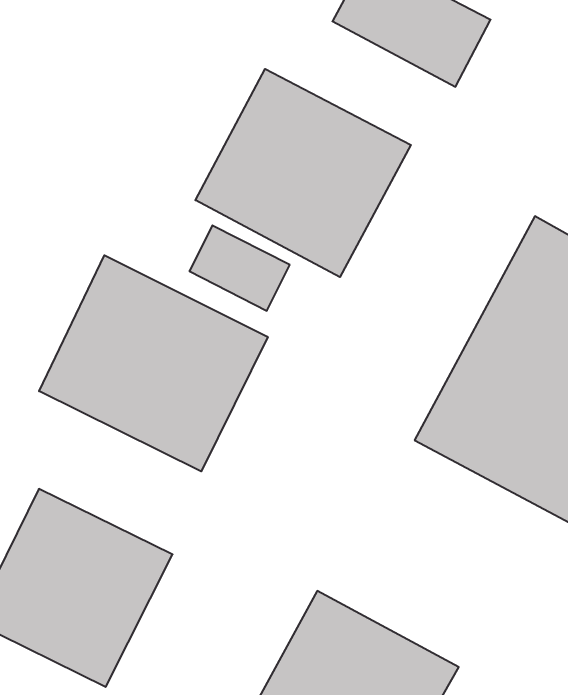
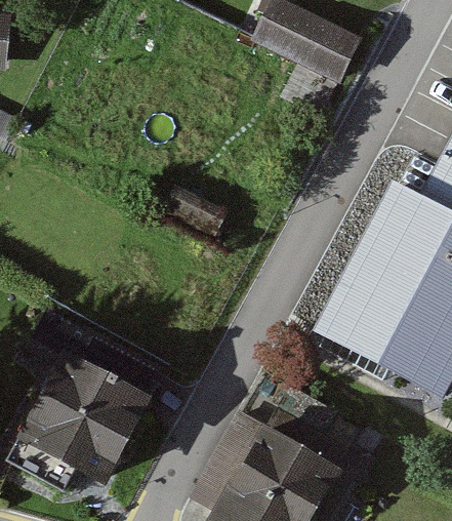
building: [195,69,411,277] -> none
building: [39,255,268,471] -> none

